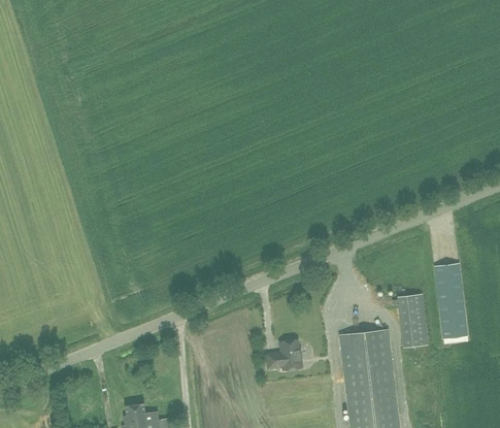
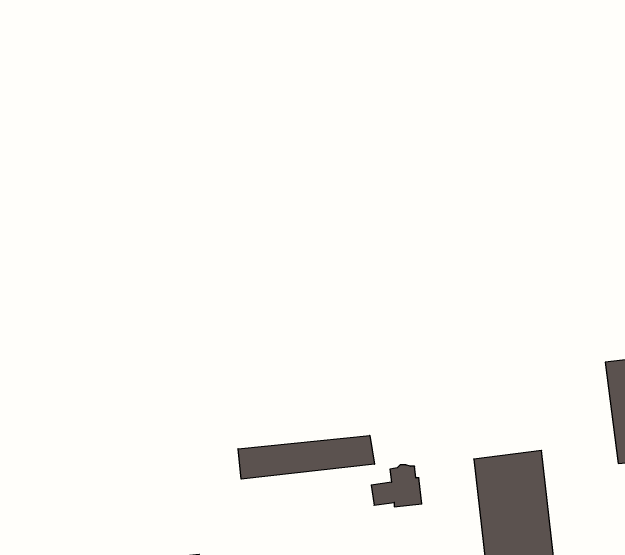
building: [399,289,425,340] -> none
building: none -> [238,435,374,479]

